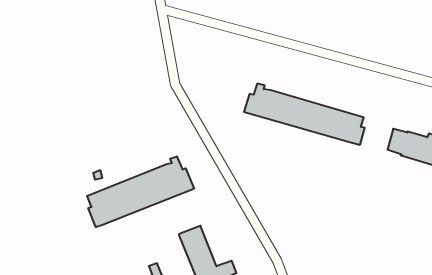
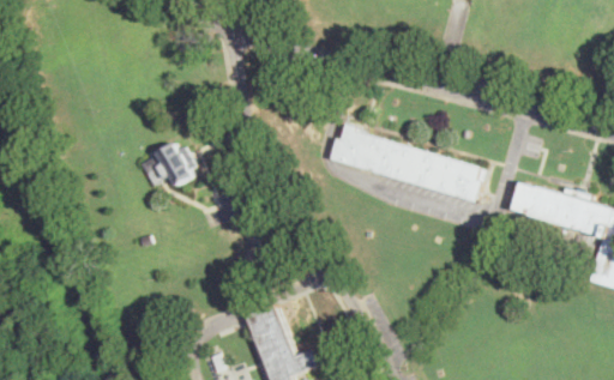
building: none -> [139,144,193,188]
building: [87,156,194,227] -> none

